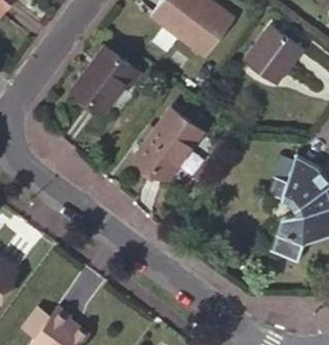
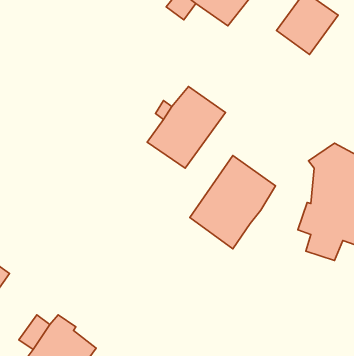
building: [73,47,140,112] -> none
building: none -> [190,155,276,249]

